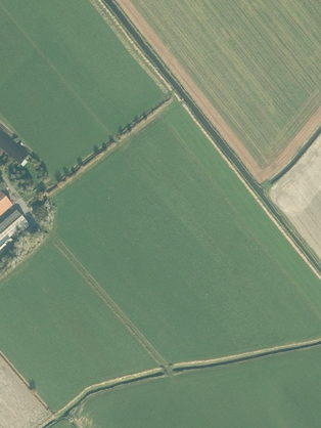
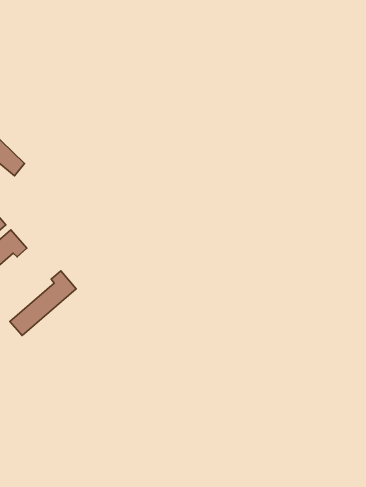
building: none -> [10,271,76,335]

